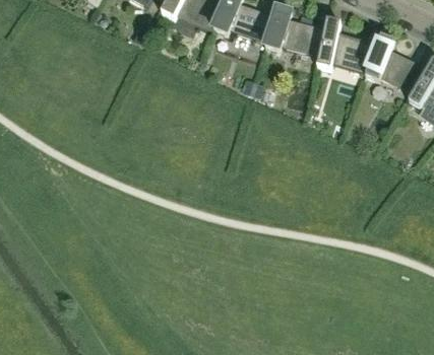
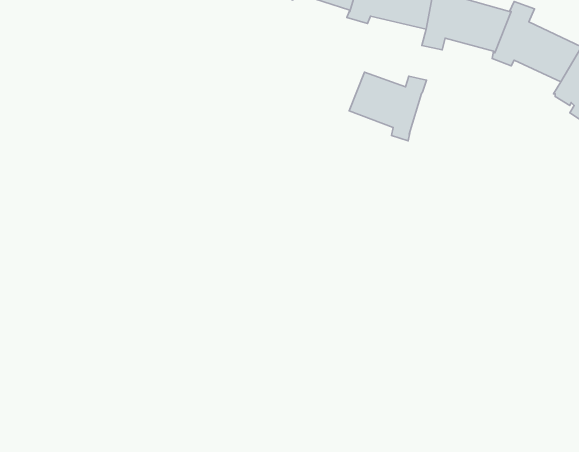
building: none -> [349,72,426,141]

